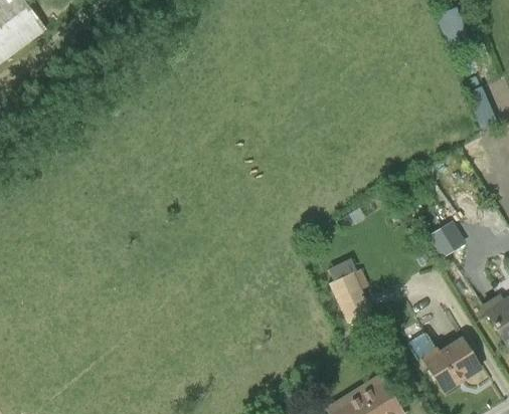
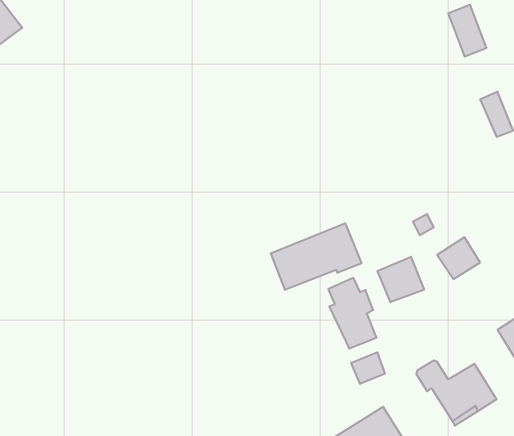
building: none -> [271,223,361,290]
building: none -> [377,257,424,302]
building: none -> [351,352,385,384]

